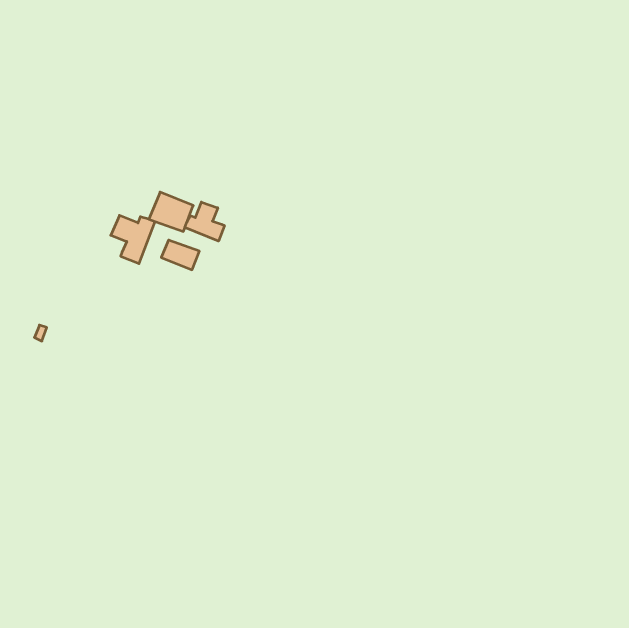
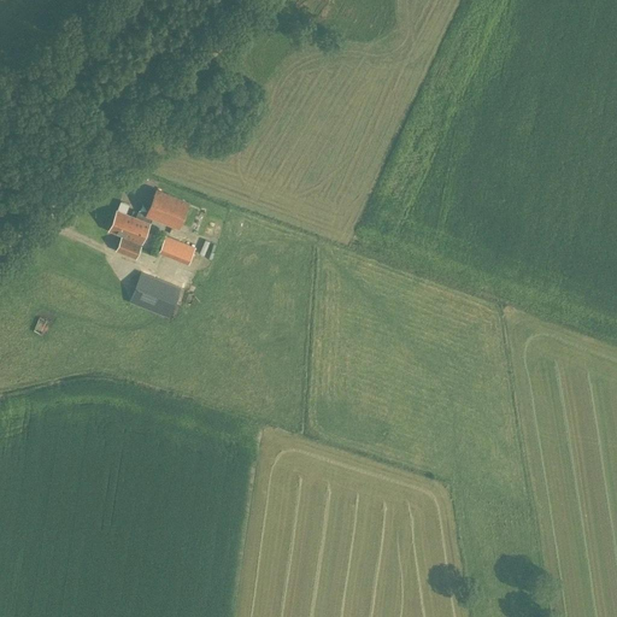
building: [185,202,224,241] -> none
building: none -> [129,274,181,319]

